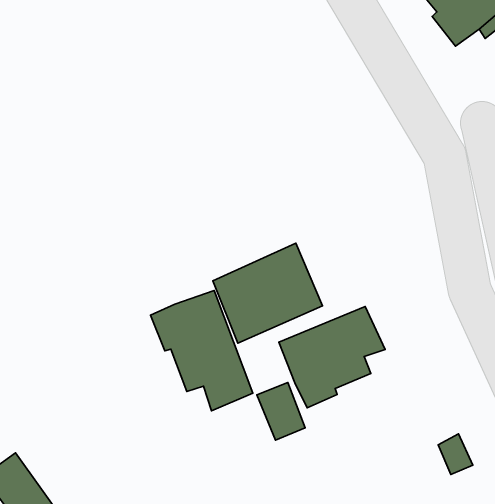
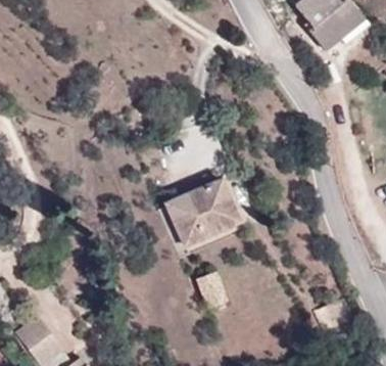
building: [151,291,253,411] -> none
building: [279,307,385,408] -> none

